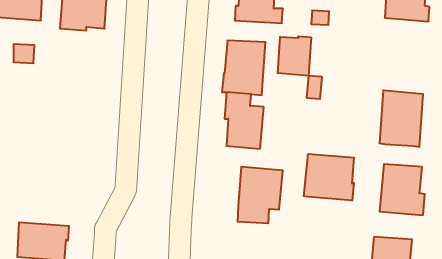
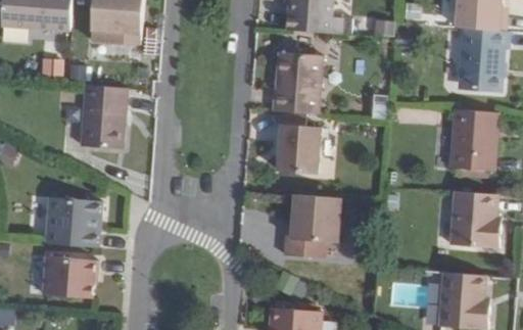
building: none -> [460,28,508,92]
building: [278,36,311,76] -> none
building: none -> [79,84,126,148]
building: [304,154,354,201] -> none
building: none -> [45,197,104,248]

